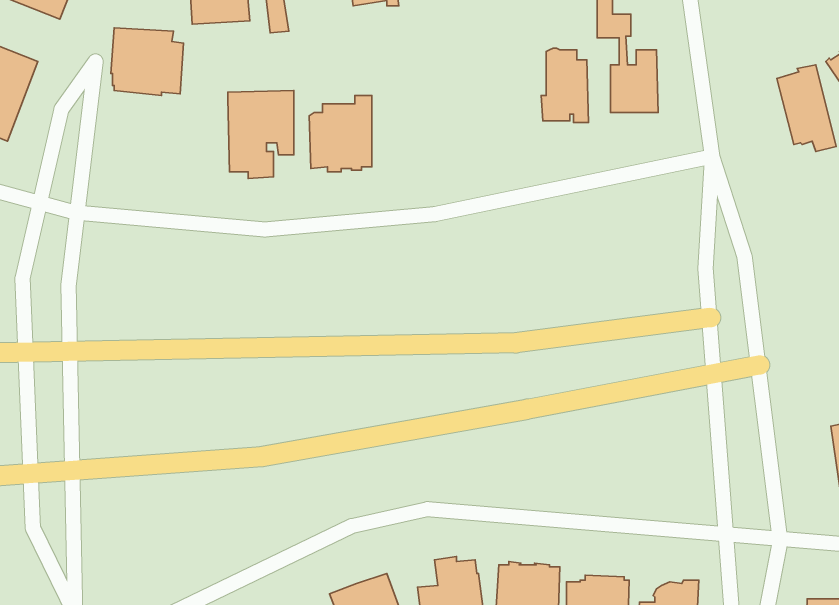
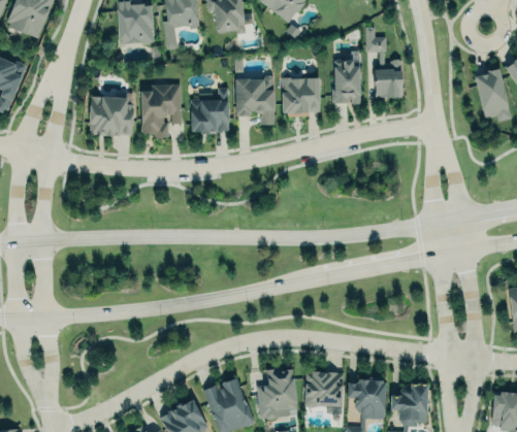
building: [111,28,184,96] -> [89,96,133,137]
building: none -> [235,75,273,125]
building: none -> [282,78,320,118]

